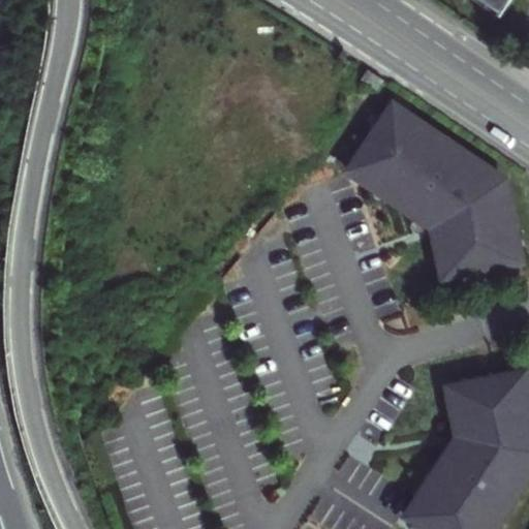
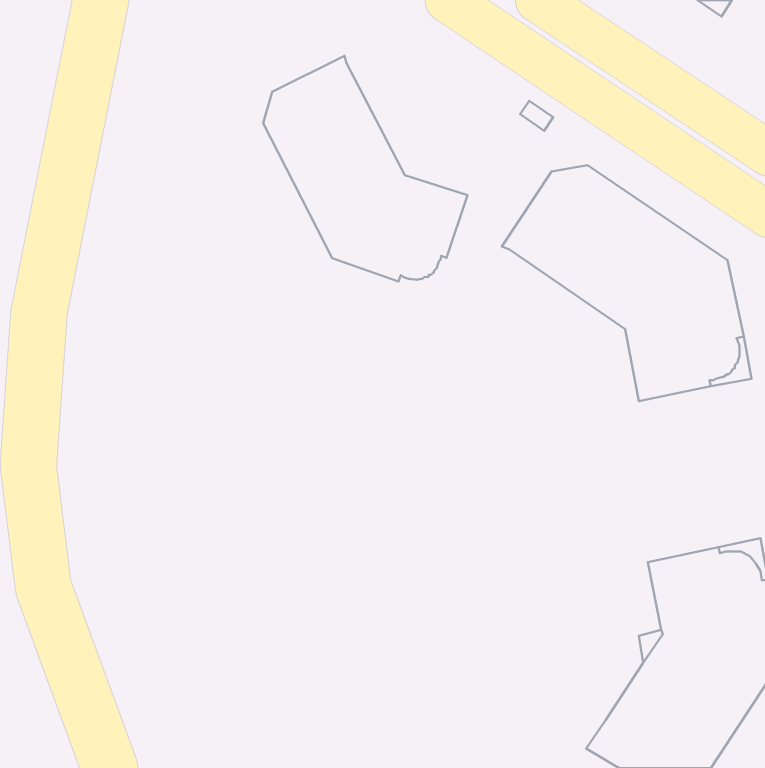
building: none -> [263,56,468,282]

